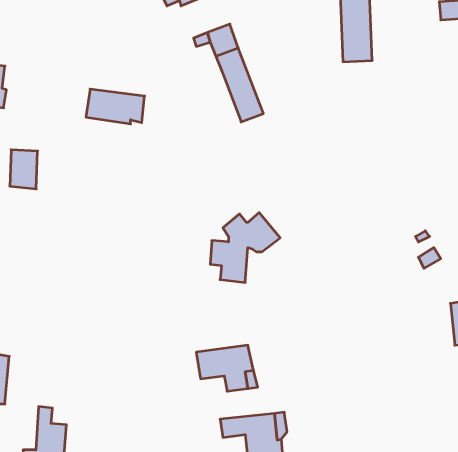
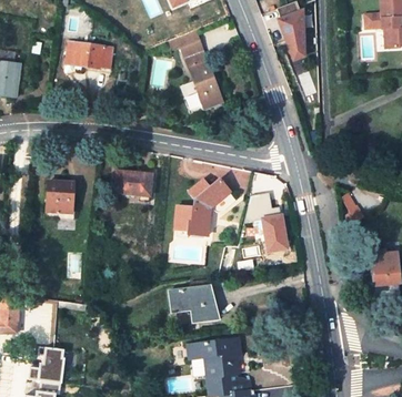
building: [86,89,145,124] -> [66,41,112,69]
building: [10,150,38,189] -> [47,181,69,212]
building: none -> [114,170,152,195]
building: none -> [245,192,290,254]

